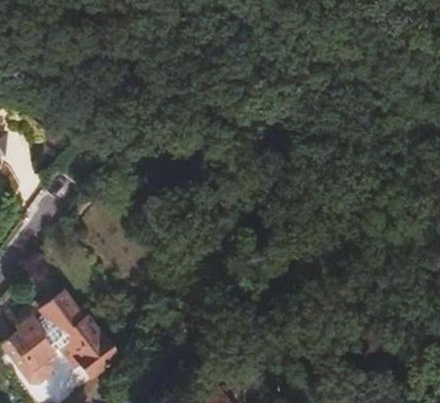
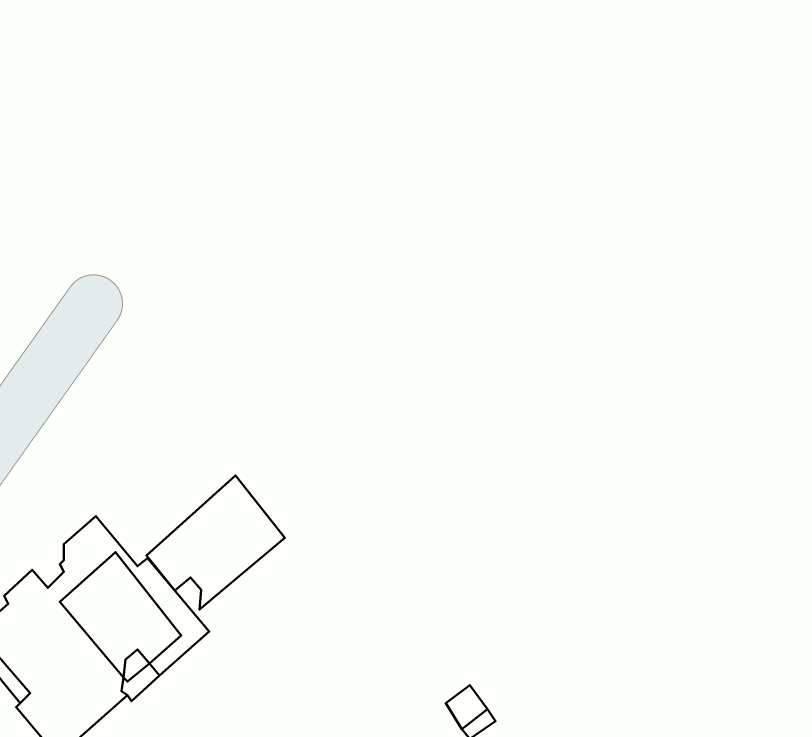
building: none -> [146,476,285,610]

